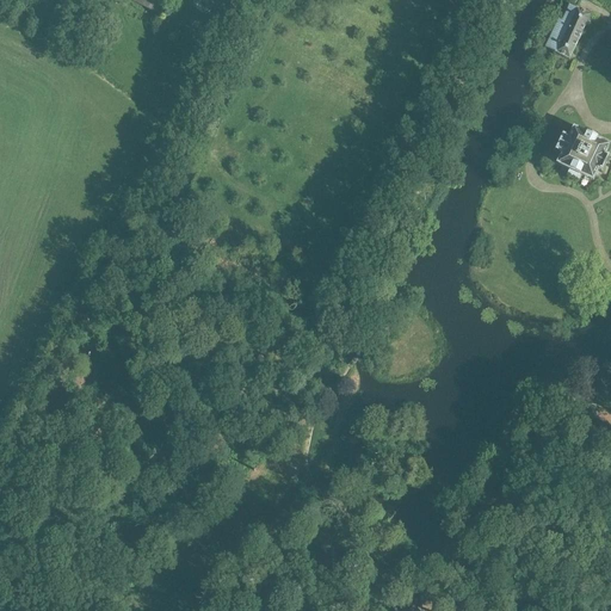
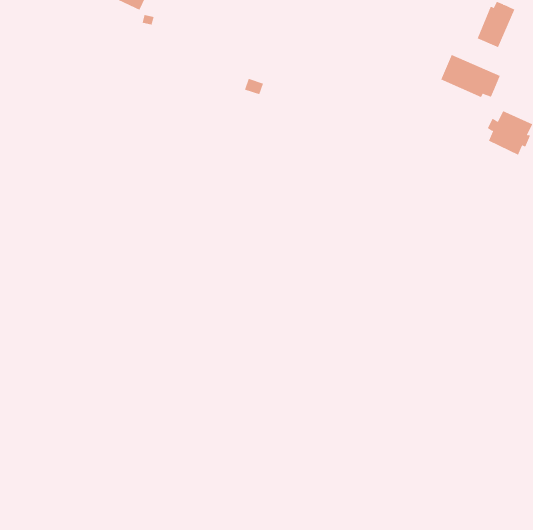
building: none -> [440,54,500,98]

